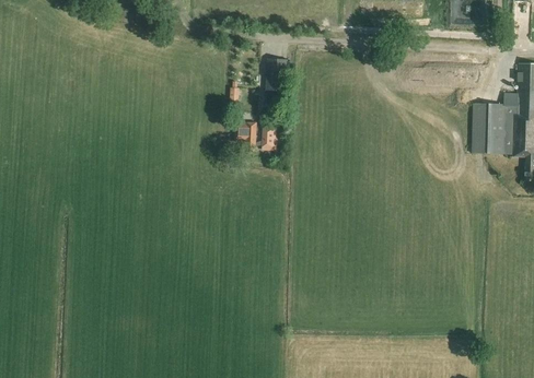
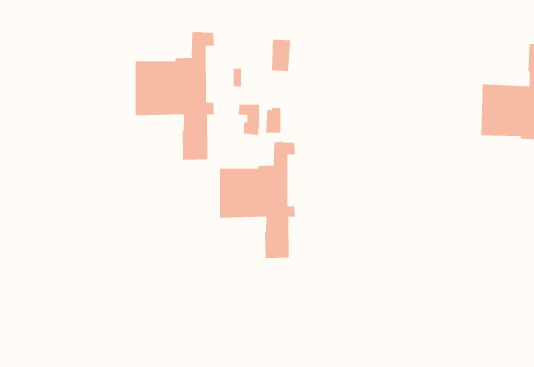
building: none -> [135,31,214,160]
building: none -> [219,141,295,259]

